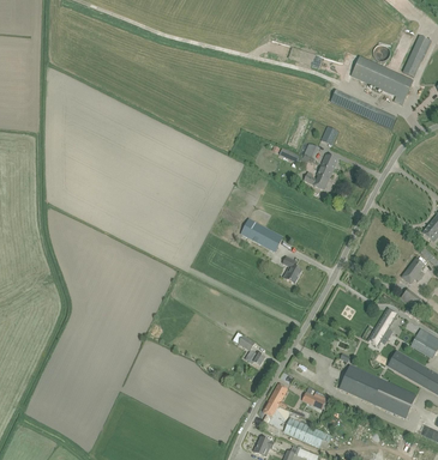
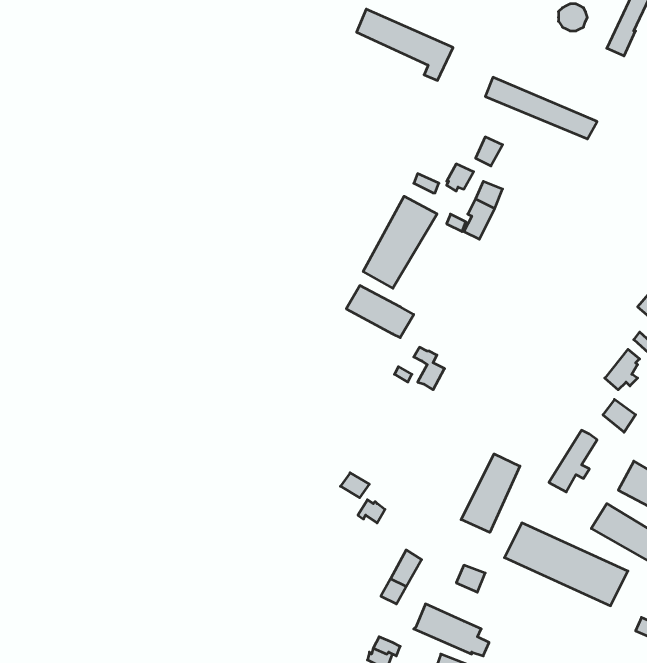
building: [352,60,412,104] -> [357,9,453,80]
building: none -> [363,196,437,288]
building: none -> [461,454,520,532]

